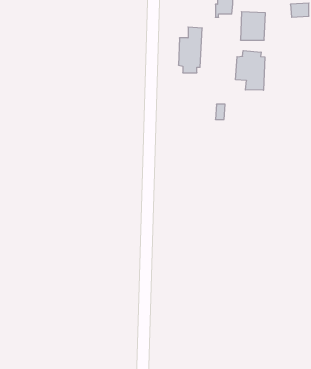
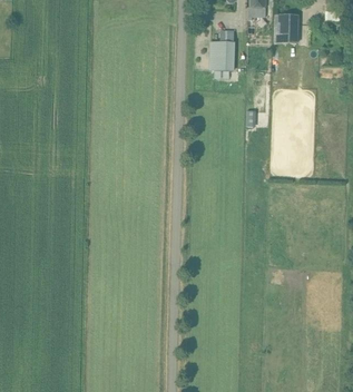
building: [236,51,265,90] -> none

